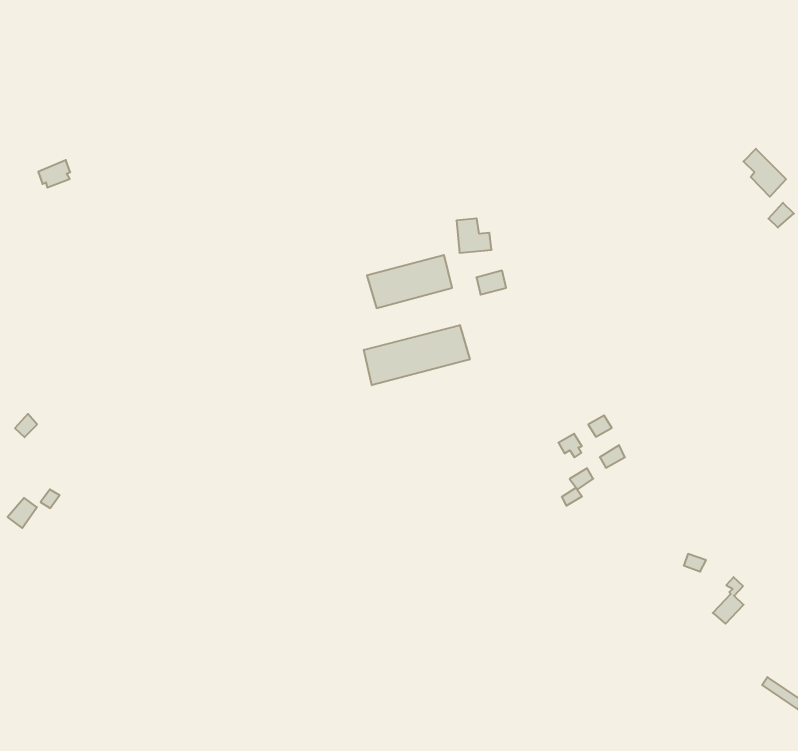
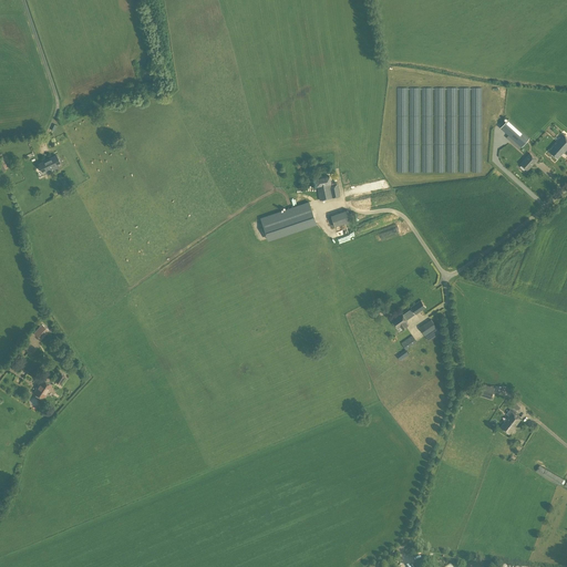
building: [364,325,470,385] -> none

